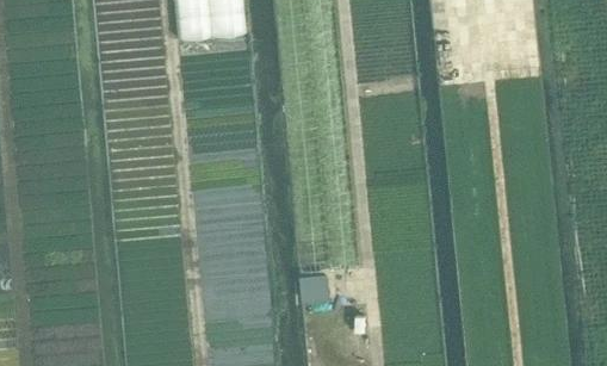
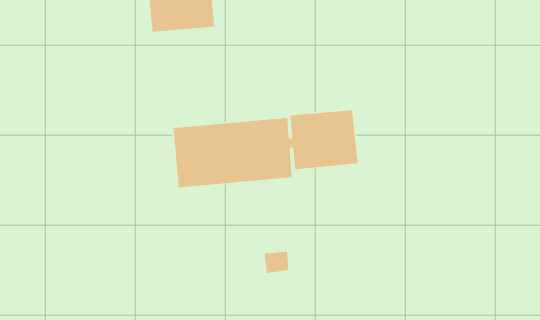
building: none -> [172,110,358,188]

